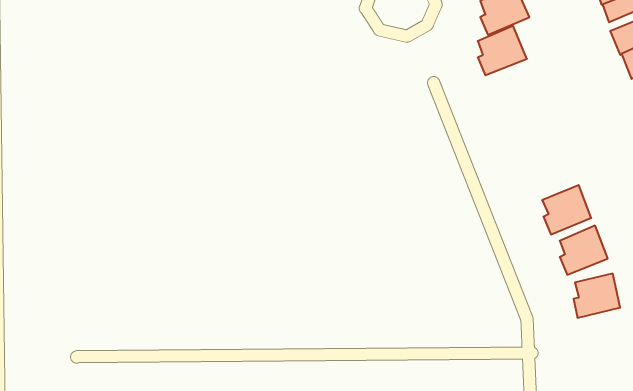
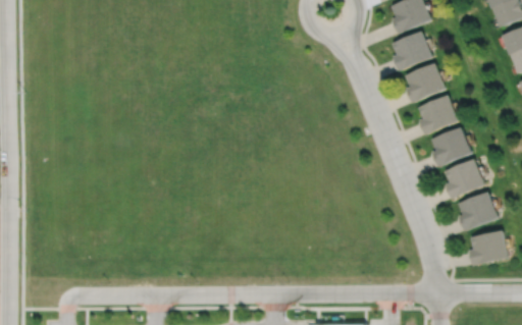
building: none -> [403,60,443,101]
building: none -> [416,93,457,133]
building: none -> [429,125,469,165]

